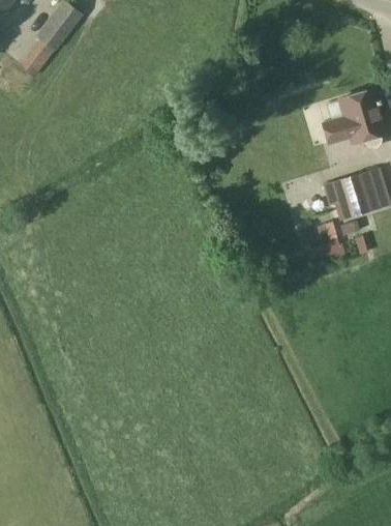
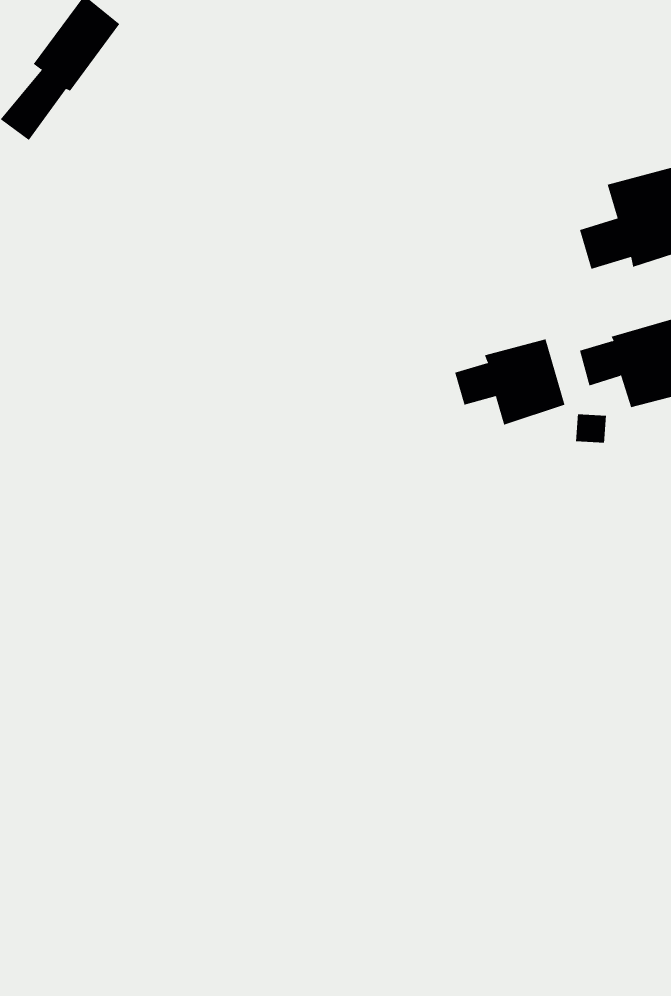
building: none -> [454,338,565,425]

